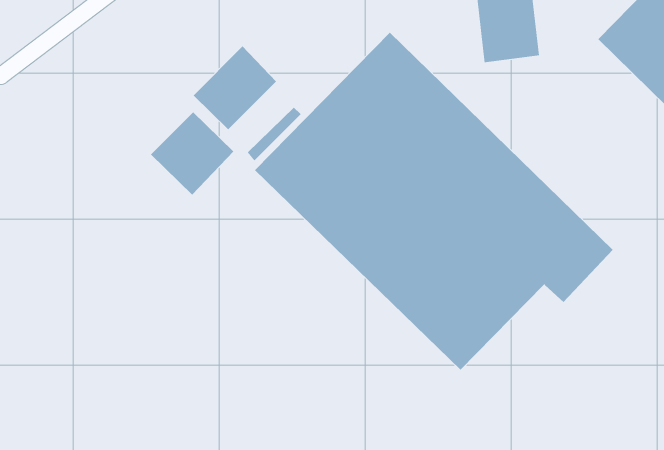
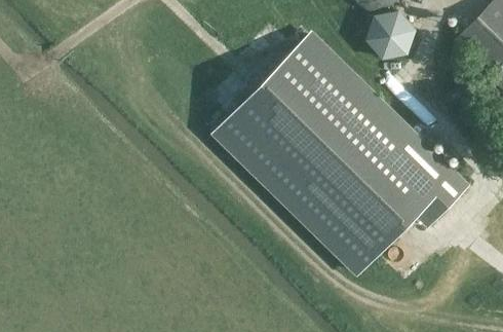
building: [193,46,277,130] -> none
building: [150,111,234,195] -> none

